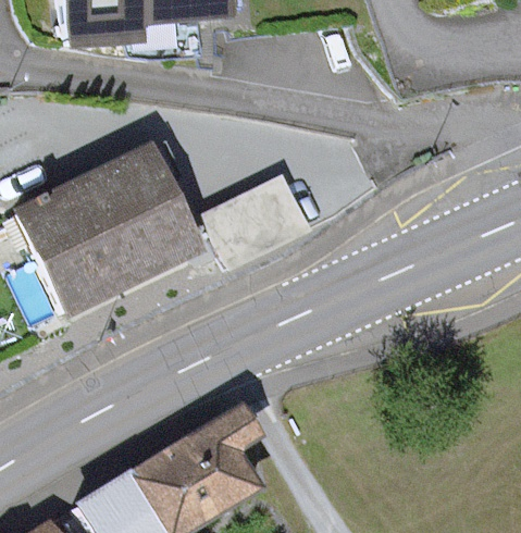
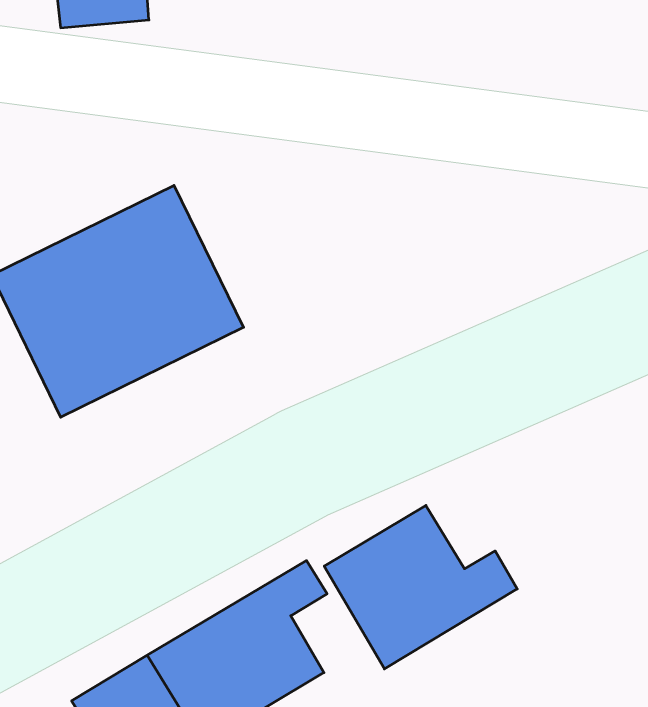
building: none -> [324,505,517,669]

